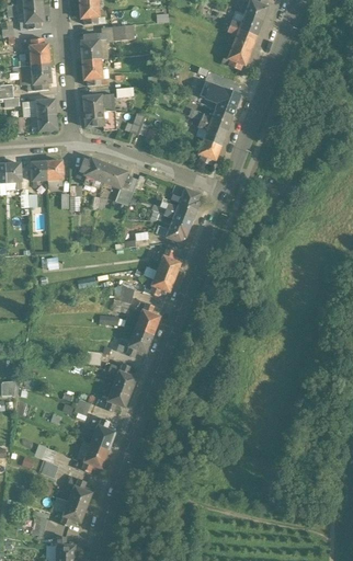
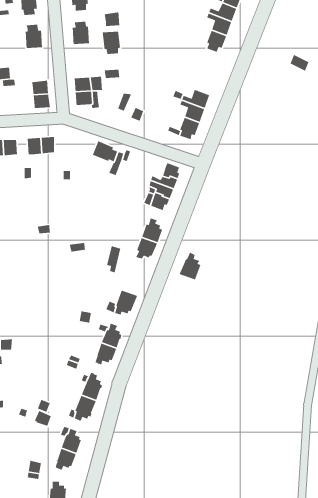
building: [81,59,102,85] -> [102,31,121,55]
building: [30,64,50,90] -> none
building: [203,84,239,115] -> none
building: [77,158,109,186] -> none
building: [134,302,159,334] -> [179,251,202,280]

